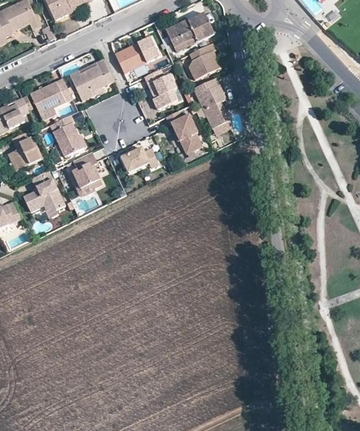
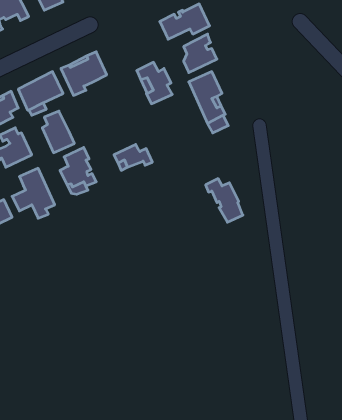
building: [117,37,159,73] -> none
building: [166,110,202,152] -> [206,179,243,222]

